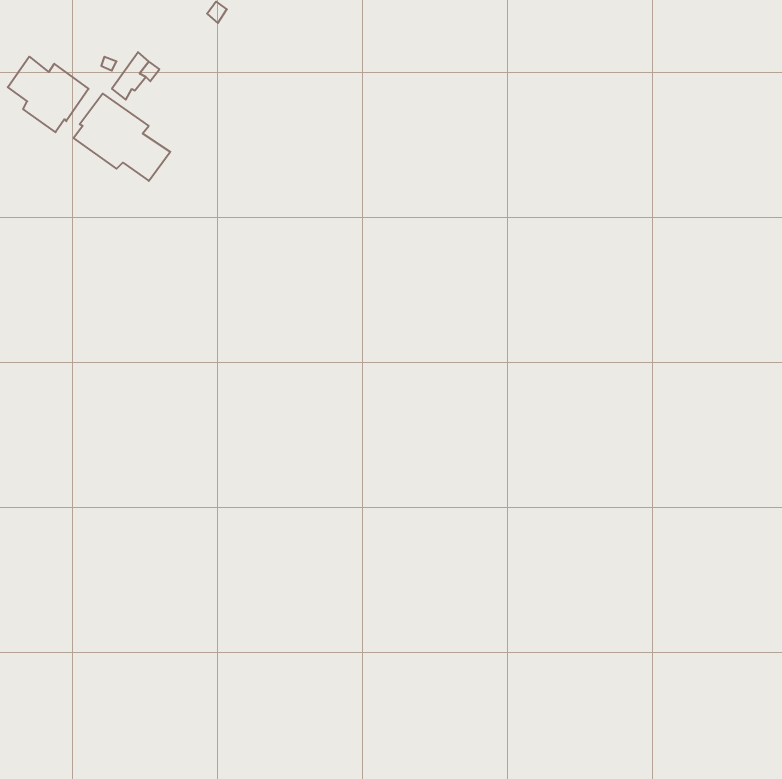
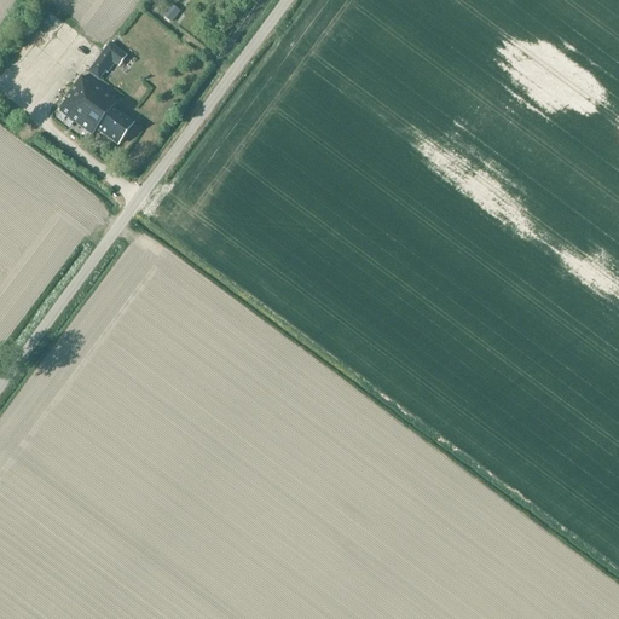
building: [8,57,89,132] -> none

